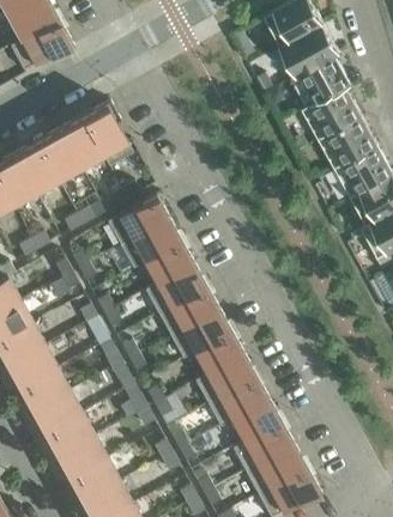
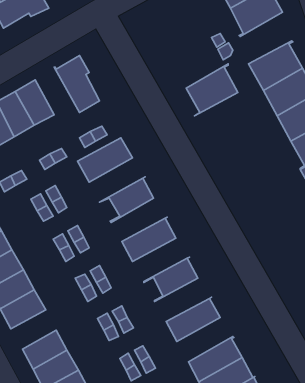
building: [291,53,350,111] -> [186,64,238,116]
building: [59,115,109,169] -> none
building: [120,218,183,268] -> none
building: [145,263,208,312] -> none
building: [169,309,234,358] -> none
building: [194,354,259,403] -> none
building: [31,390,83,434] -> none
building: [219,399,283,449] -> none

